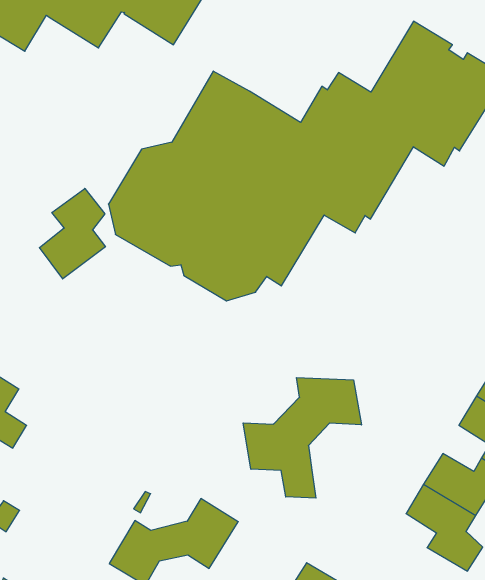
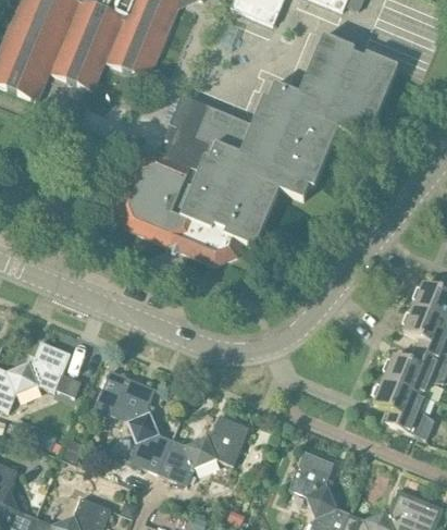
building: [39,188,105,279] -> none
building: [243,378,361,498] -> none
building: none -> [92,369,172,473]

